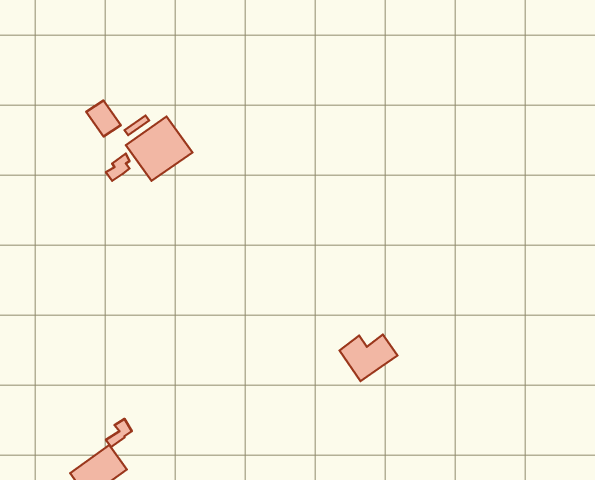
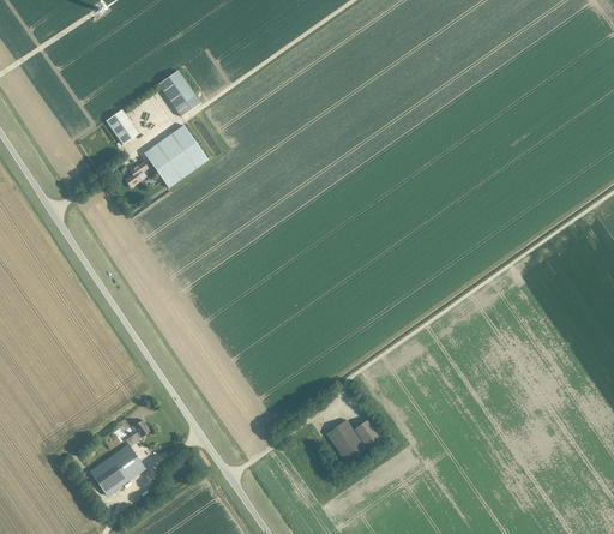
building: none -> [157,70,200,116]
building: [340,334,398,381] -> [326,418,383,463]

